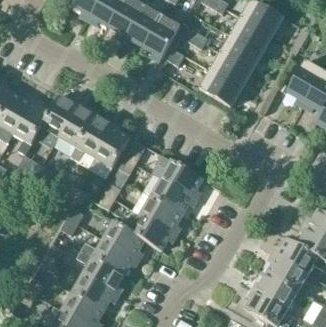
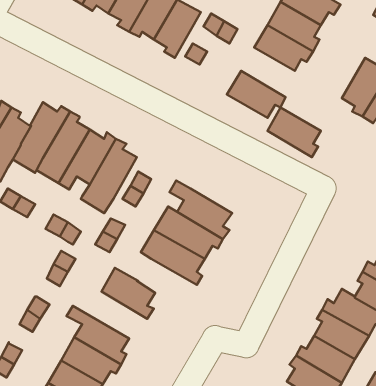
building: [210,52,251,90] -> [267,107,321,157]
building: [130,214,176,250] -> none
building: [81,239,138,275] -> none

